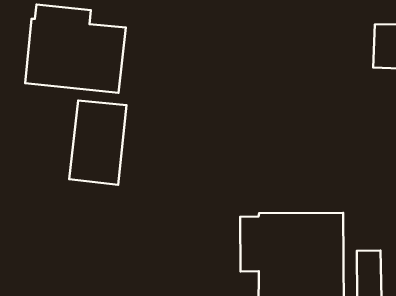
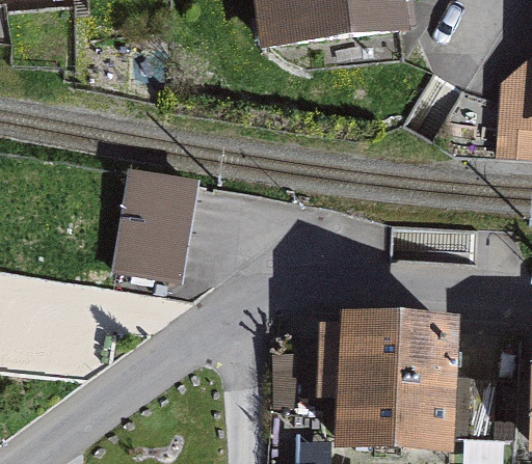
building: [25,5,126,93] -> none

